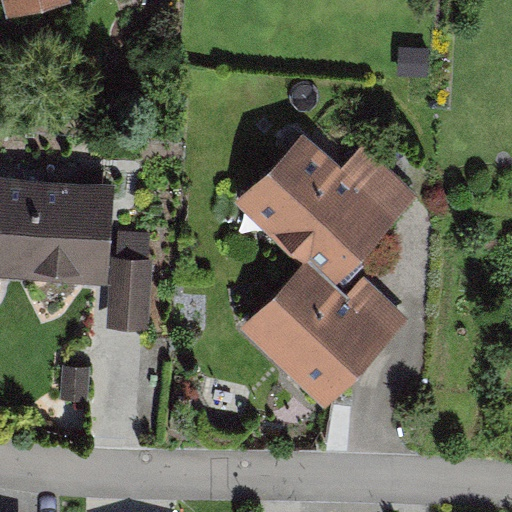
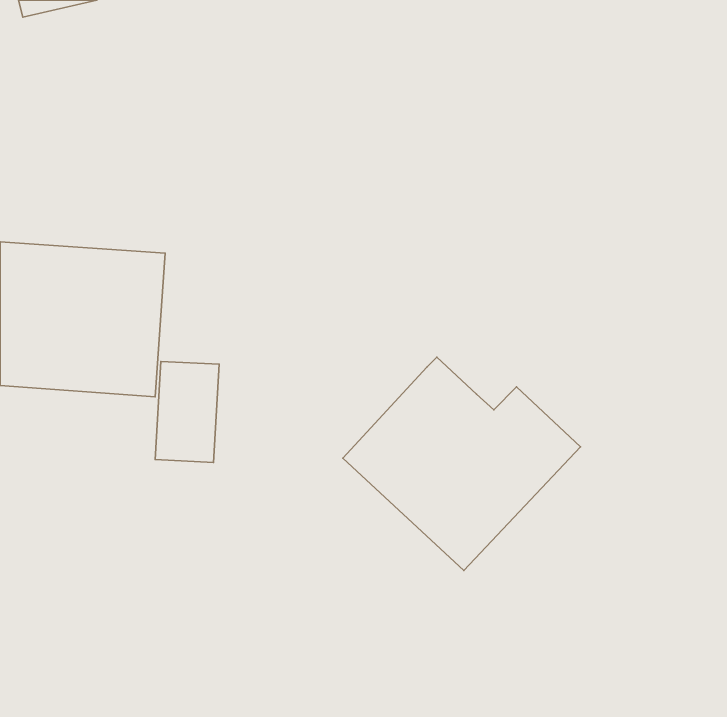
building: [235,132,417,284] -> none

